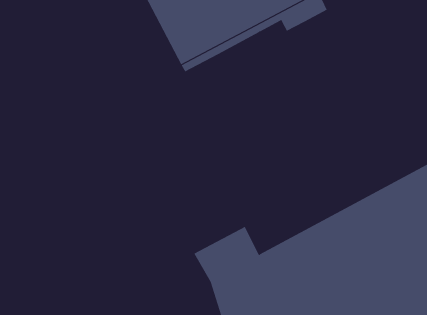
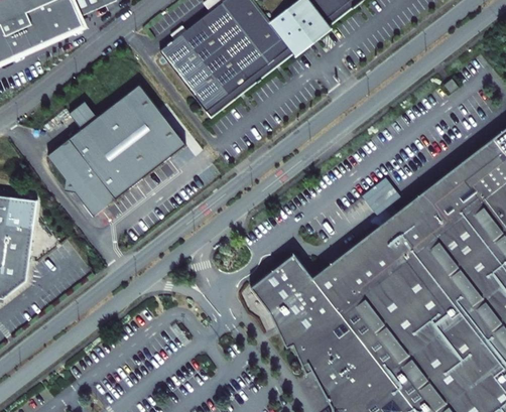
building: none -> [48,84,186,215]

